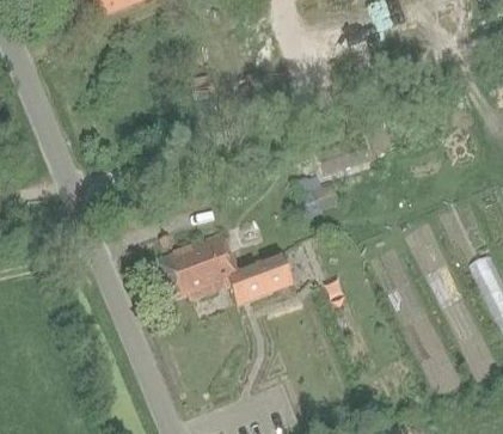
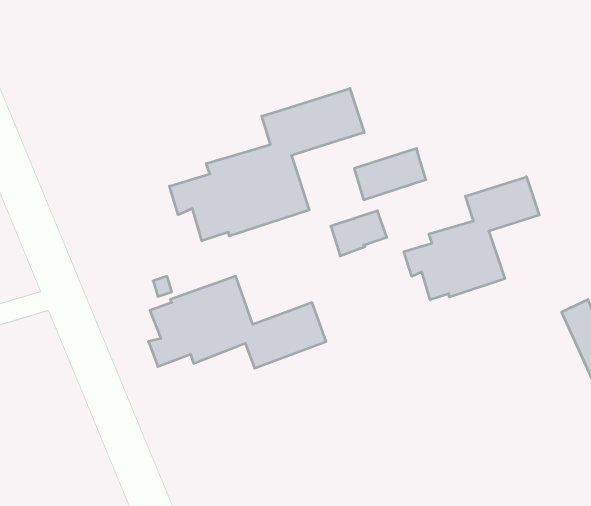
building: none -> [169,88,364,241]
building: none -> [404,177,539,300]

